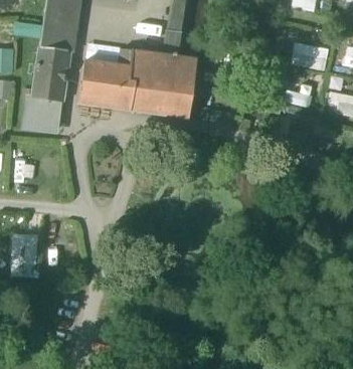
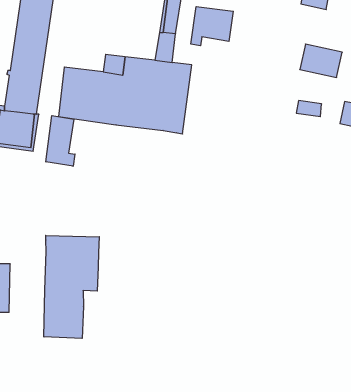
building: none -> [191,7,233,46]
building: none -> [46,116,75,166]
building: none -> [44,235,99,338]

